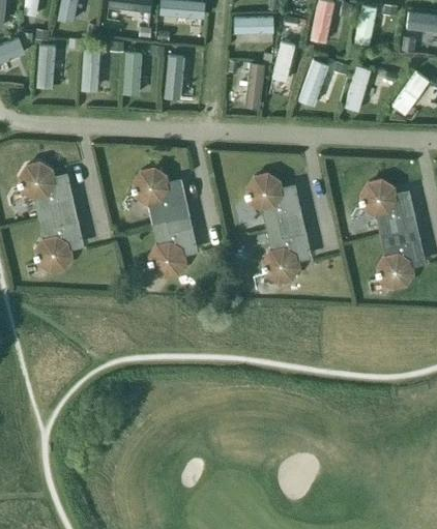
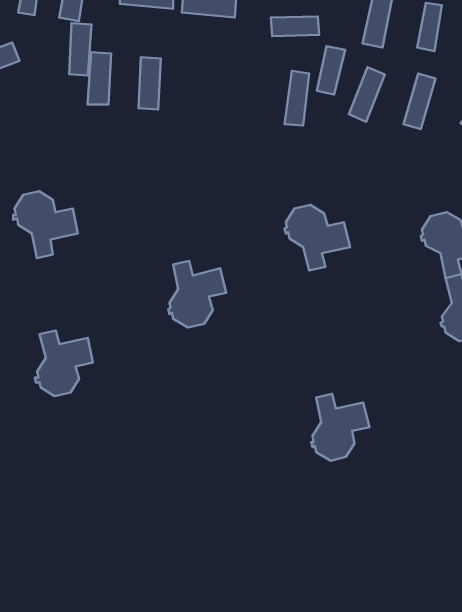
building: [37,45,56,88] -> [69,23,91,75]
building: [164,55,185,99] -> none
building: [132,168,186,224] -> none
building: [34,215,83,270] -> [35,330,93,396]
building: [262,226,311,282] -> [311,394,369,461]

